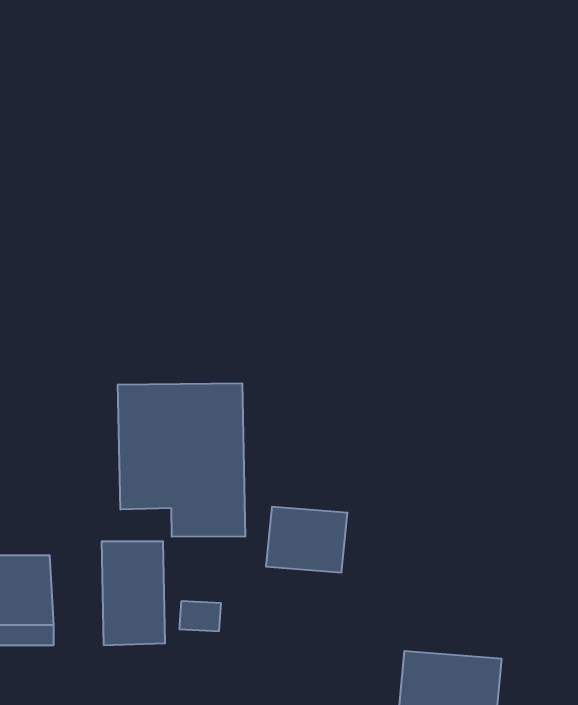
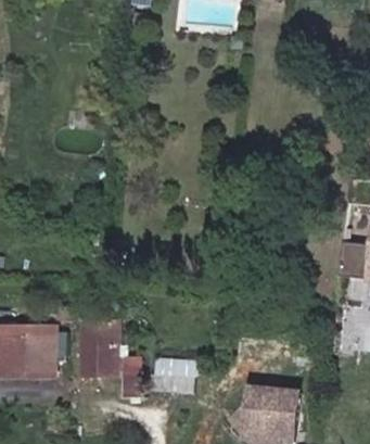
building: [118,383,245,537] -> none
building: [266,507,348,572] -> [155,355,200,391]

